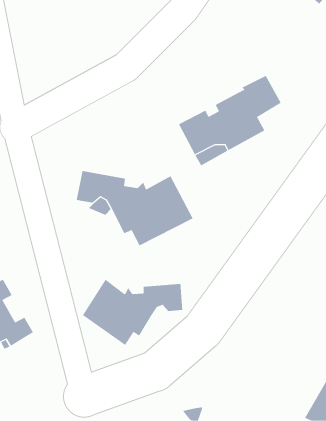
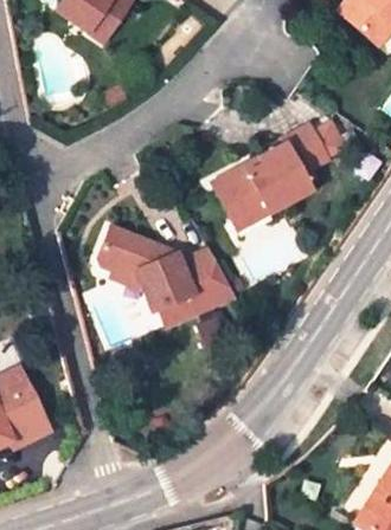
building: [82,279,183,346] -> none

